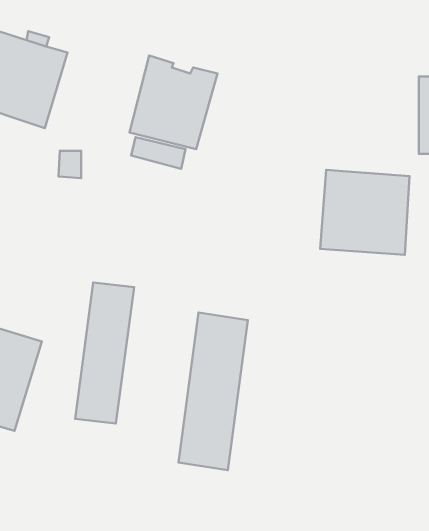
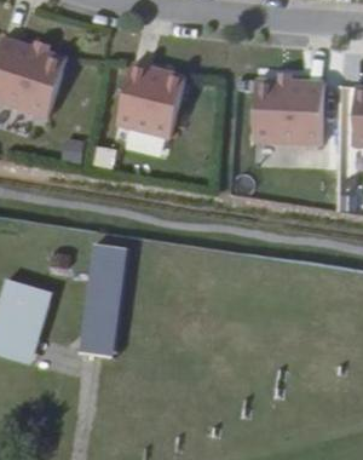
building: [320,170,409,255] -> [250,76,322,144]
building: [178,313,248,470] -> none

